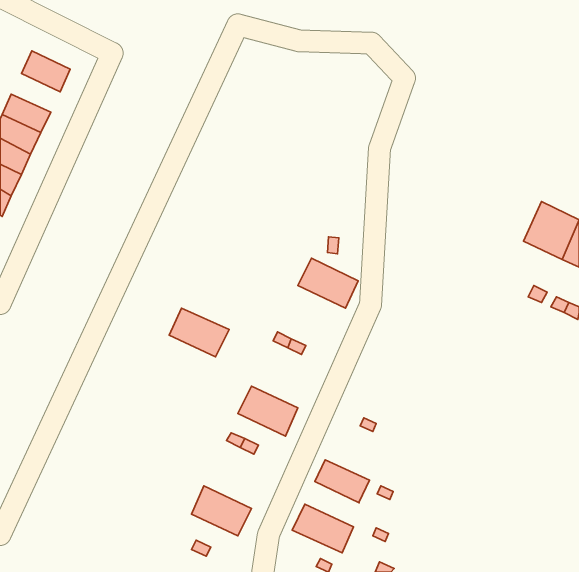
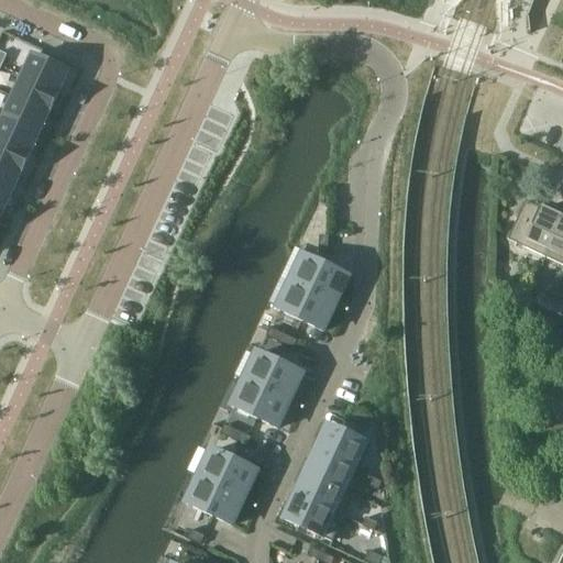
building: none -> [11,71,58,109]
building: none -> [277,277,335,325]
building: [169,308,229,357] -> [244,349,302,396]
building: none -> [316,421,371,466]
building: none -> [198,445,256,494]
building: none -> [296,467,354,511]

